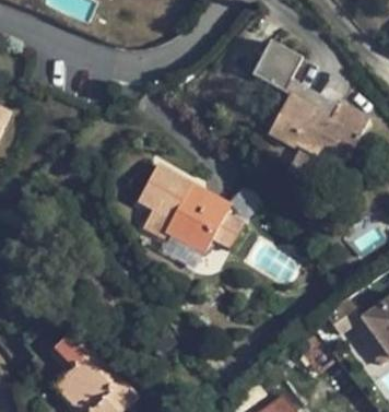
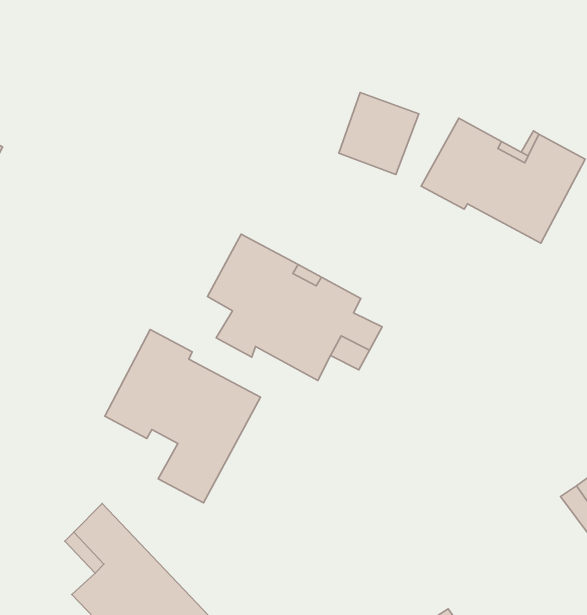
building: [252,37,302,87] -> [339,92,419,174]
building: none -> [105,330,260,503]

